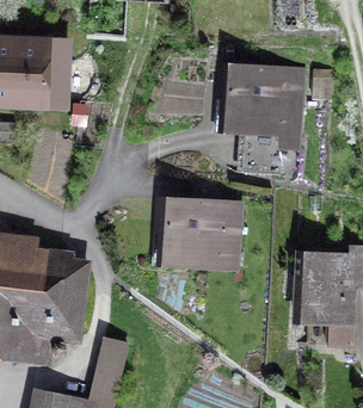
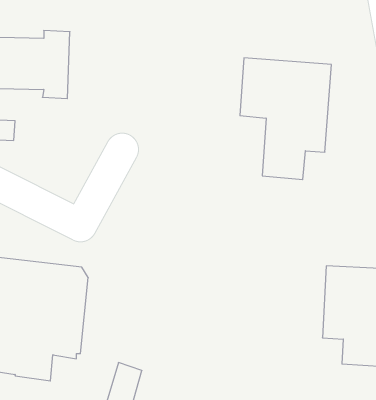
building: [159,179,244,264] -> none

